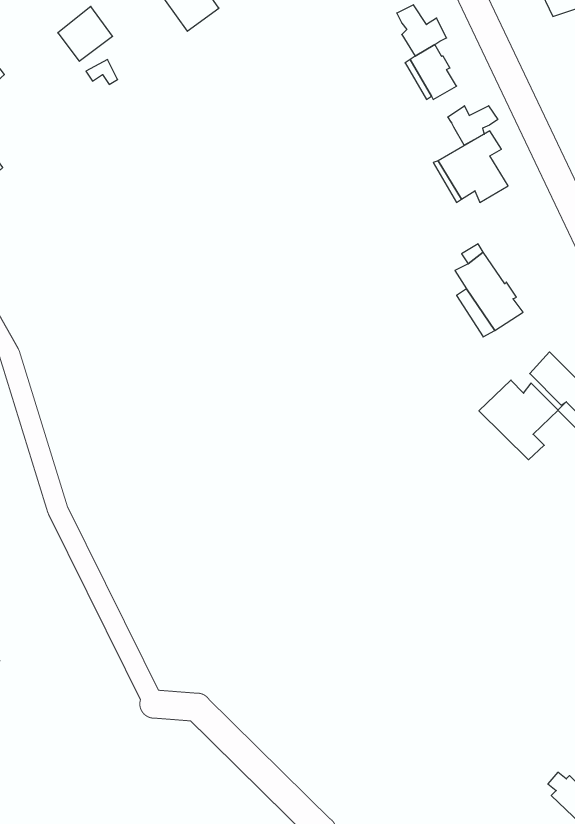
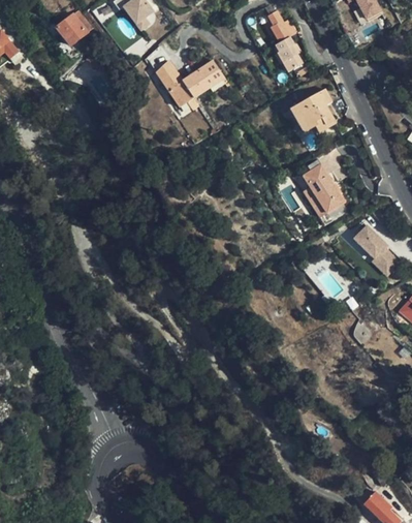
building: none -> [159,57,228,101]
building: [448,106,498,145] -> none
building: [479,380,558,460] -> none

